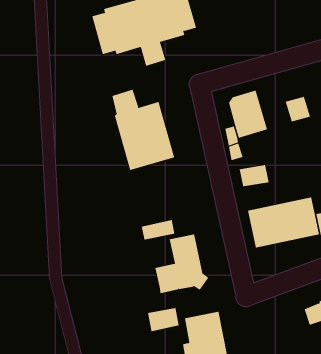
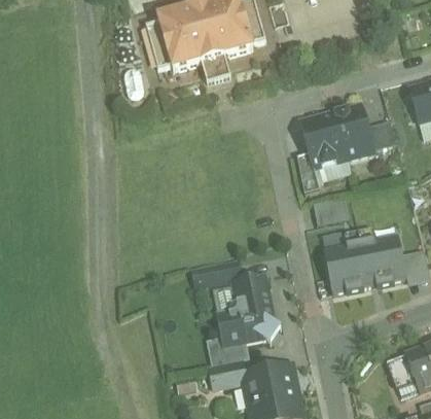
building: none -> [334,104,374,158]
building: [112,89,175,171] -> none
building: none -> [208,338,250,365]

